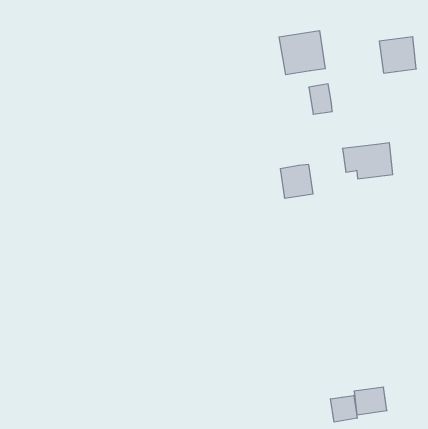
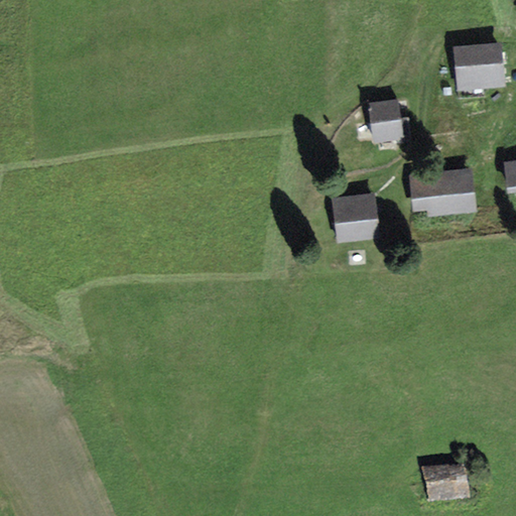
building: [279,31,325,75] -> none
building: [331,395,357,422] -> none

